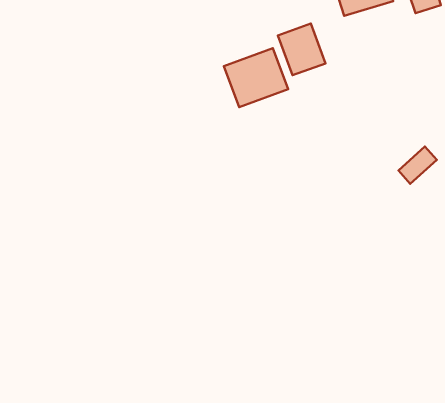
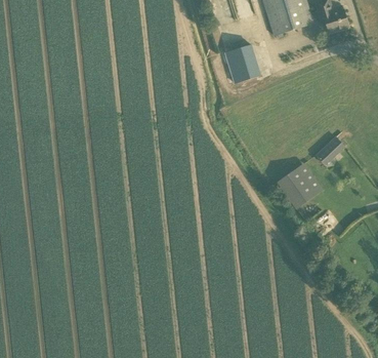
building: [224,48,288,107] -> none
building: none -> [277,168,316,209]

